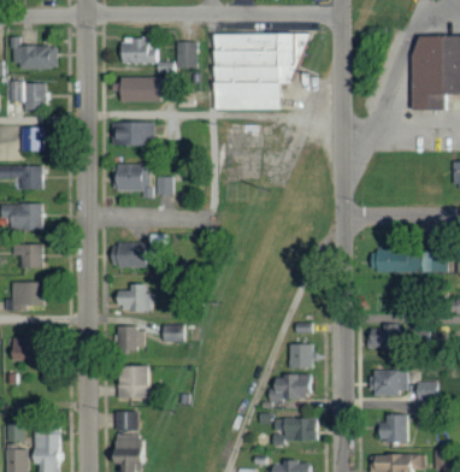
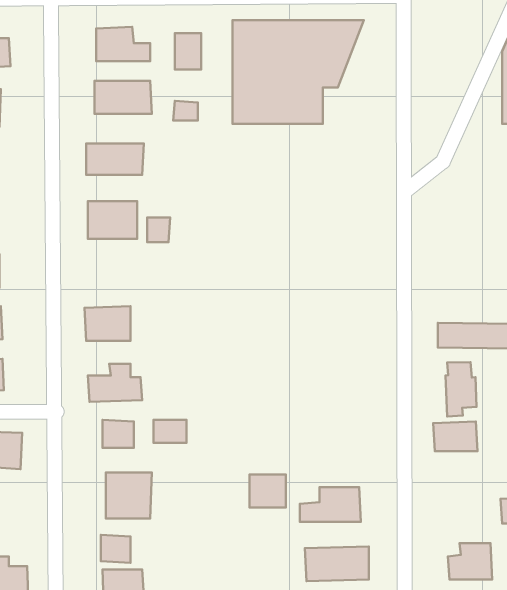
building: none -> [446,362,476,416]
building: [284,344,311,368] -> [250,475,286,508]
building: [367,371,405,394] -> none

